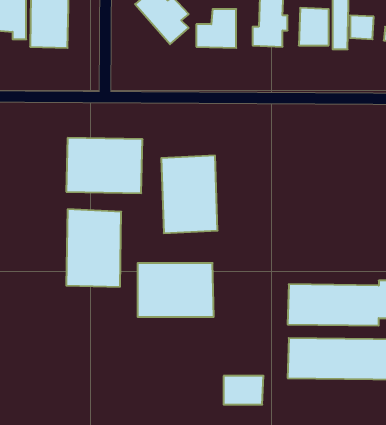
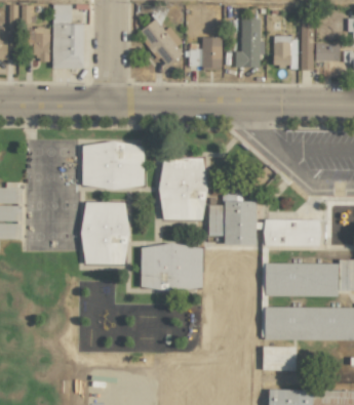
building: none -> [208,193,255,245]
building: none -> [264,218,320,246]
building: [224,376,264,405] -> [263,347,296,370]

